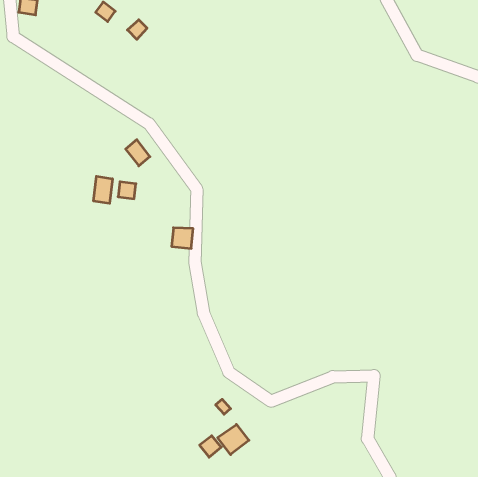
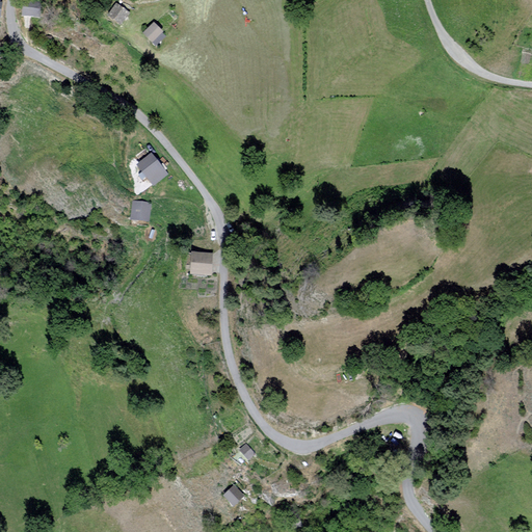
building: [94,176,112,203] -> none
building: [218,424,249,455] -> none

